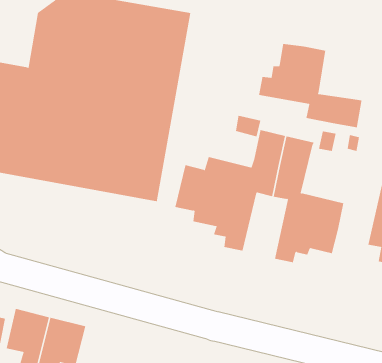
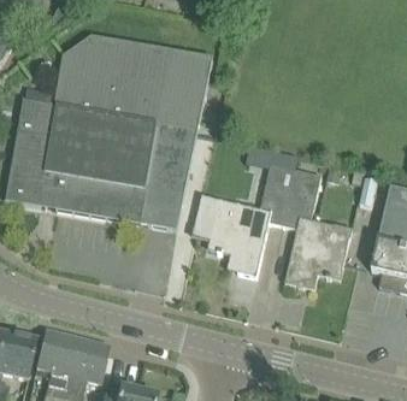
building: [258,43,362,128] -> none

